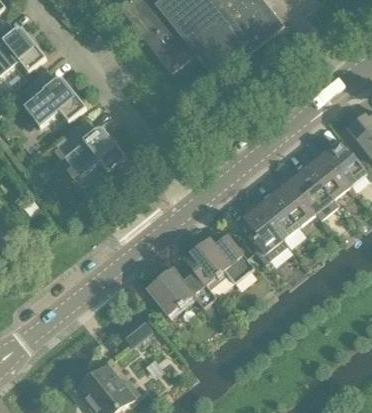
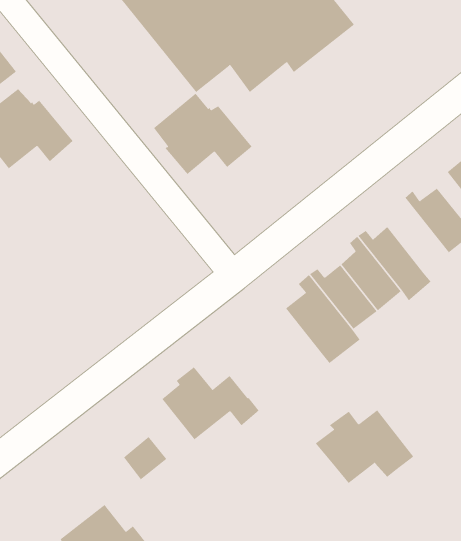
building: [56,119,126,177] -> [153,93,252,175]
building: [306,147,349,200] -> none
building: [184,235,254,288] -> [315,410,414,485]

